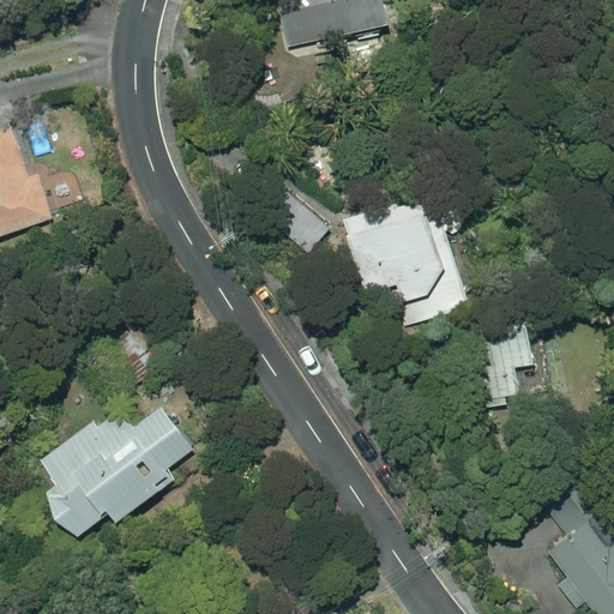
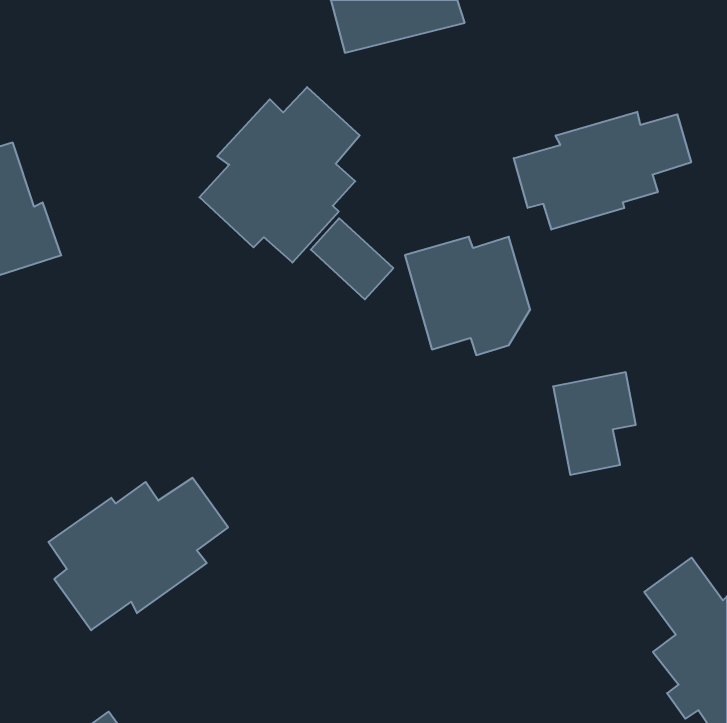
building: none -> [199,87,360,263]
building: none -> [514,112,691,230]

